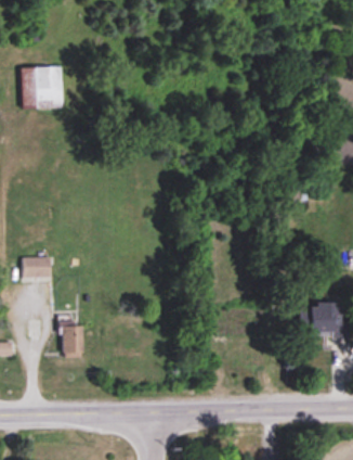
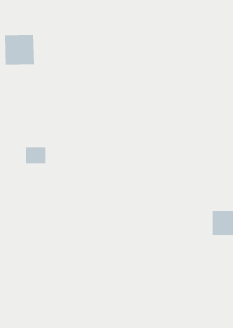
building: [22,256,50,279] -> [25,147,46,164]
building: [62,324,82,357] -> none

